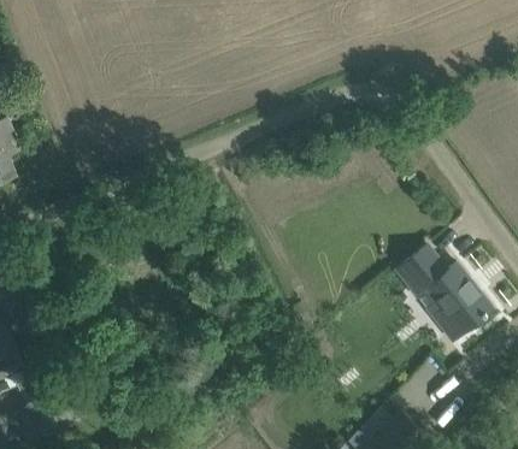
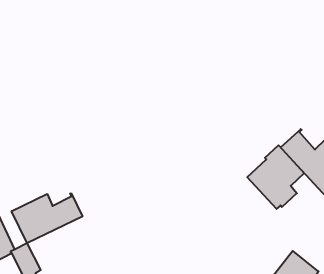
building: none -> [247,145,304,209]
building: none -> [12,193,82,243]

